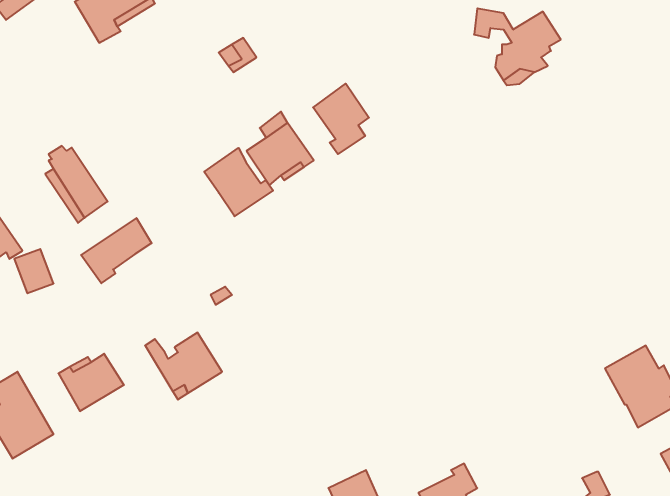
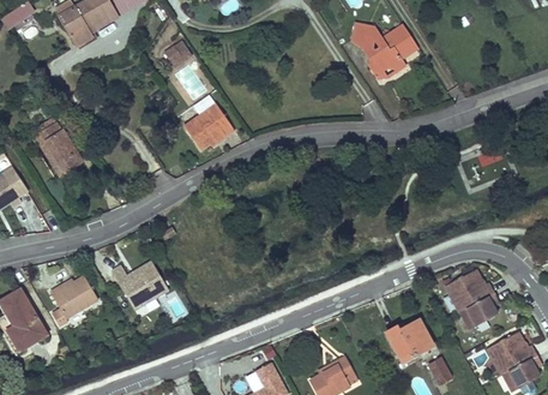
building: [313,84,369,154] -> none
building: [204,148,273,216] -> none
building: [81,218,152,283] -> none
building: none -> [387,318,433,360]

